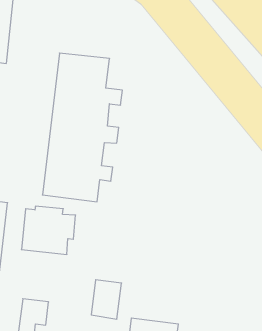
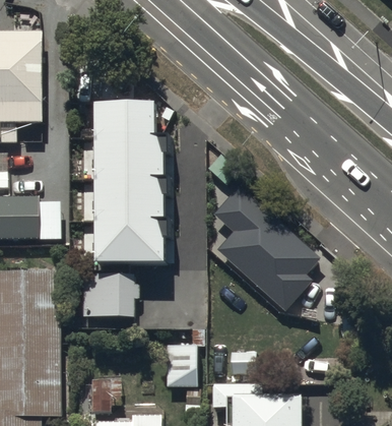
building: none -> [211,183,317,308]

